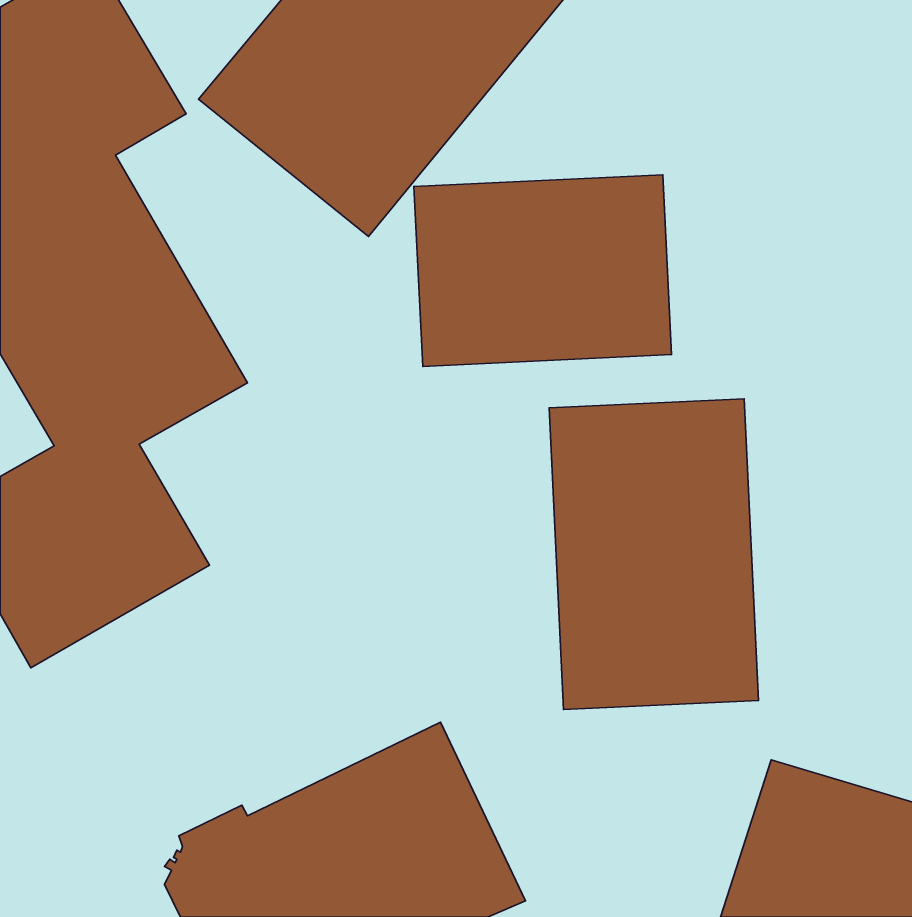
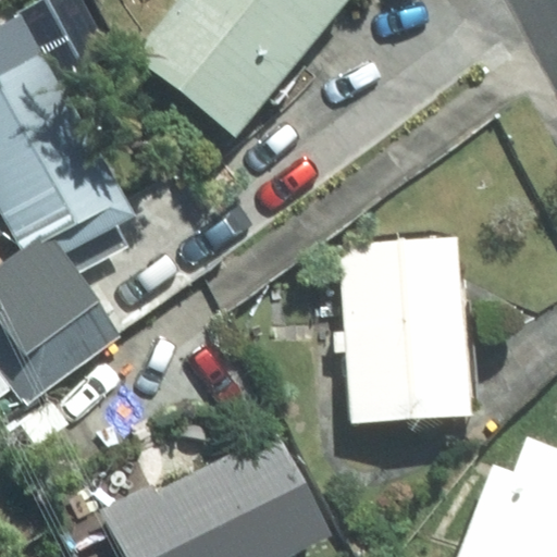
building: [414,175,672,366] -> none

